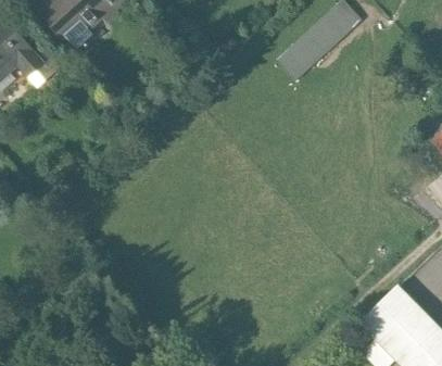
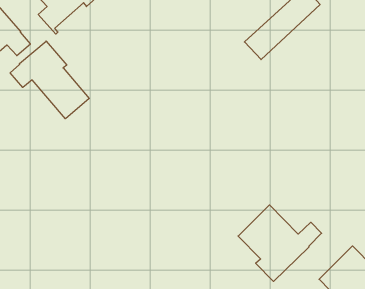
building: none -> [10,41,89,119]
building: none -> [238,205,322,281]

